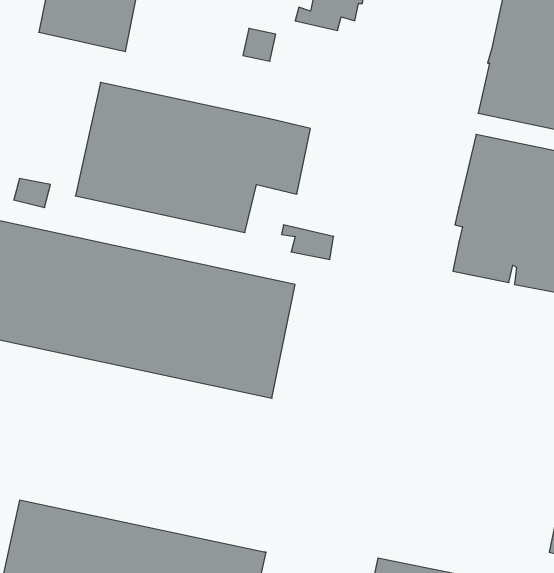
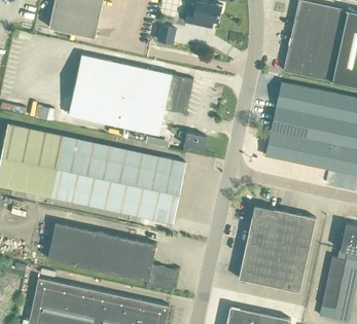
building: none -> [239,205,315,292]
building: none -> [47,222,177,290]

